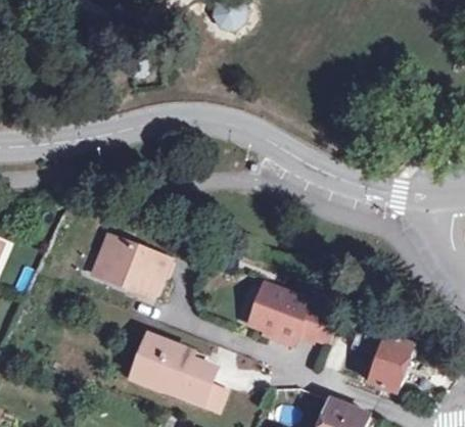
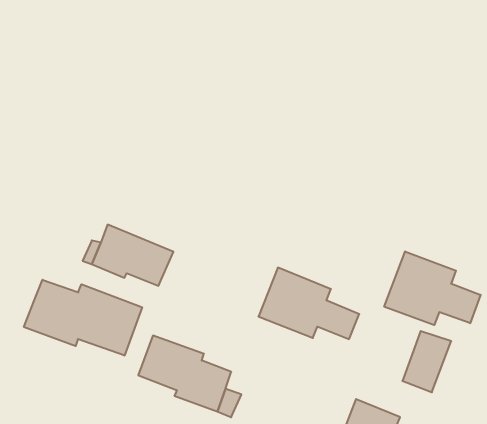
building: none -> [384,251,481,325]
building: none -> [24,280,142,356]

